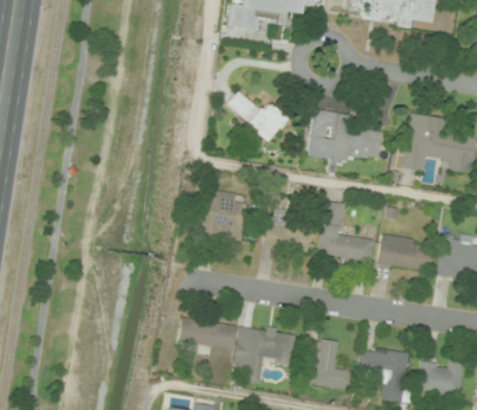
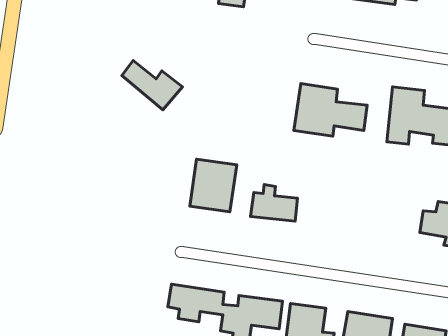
building: [225,90,288,141] -> [122,60,182,110]
building: [317,200,374,262] -> none
building: [378,235,432,271] -> none

